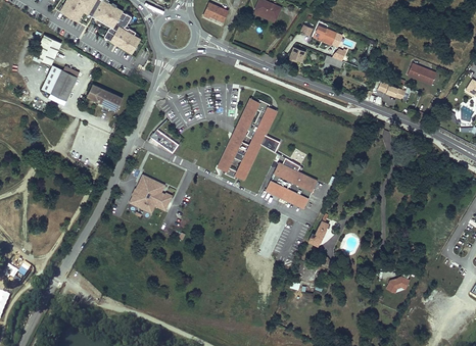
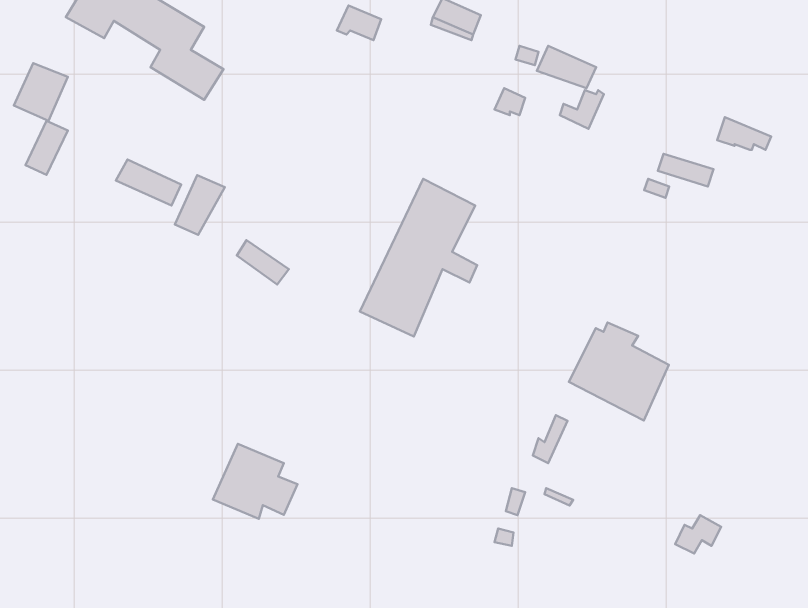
building: [50,70,77,101] -> none
building: none -> [175,175,225,235]
building: [265,157,318,209] -> [569,322,669,420]
building: [127,175,172,214] -> [213,444,297,519]

